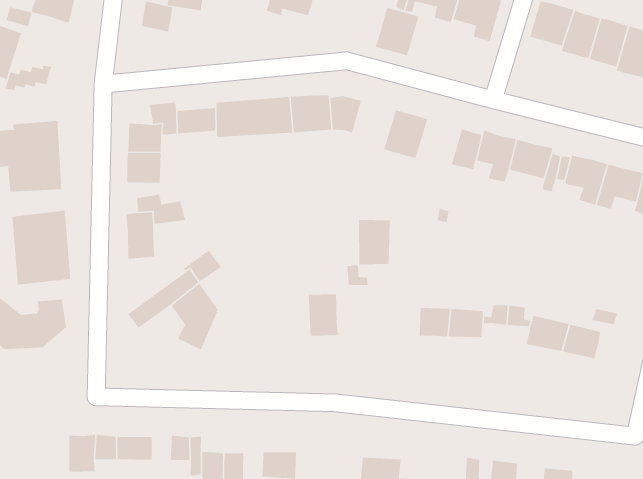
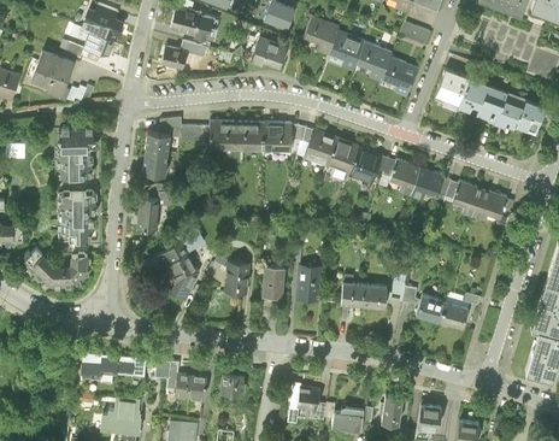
building: [374,7,420,56] -> [301,130,335,166]
building: none -> [347,147,381,183]
building: [358,219,391,265] -> [295,264,320,298]
building: none -> [223,260,248,292]

